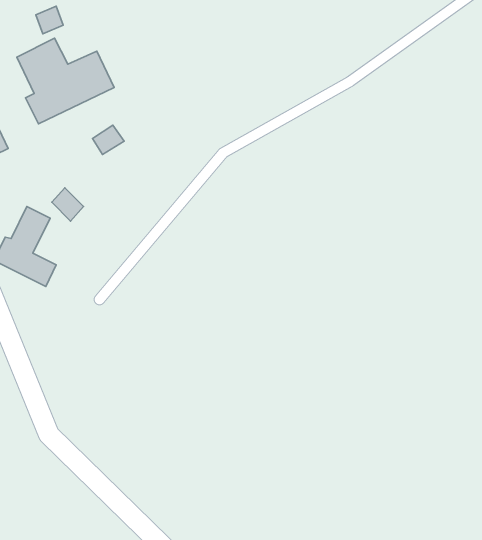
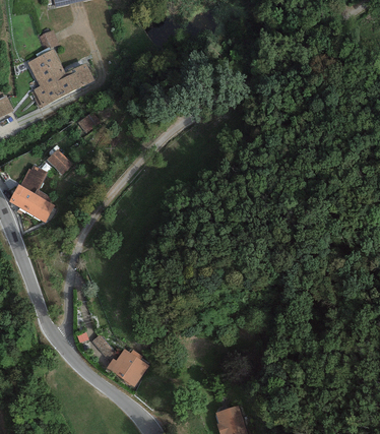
building: none -> [92,332,146,387]

